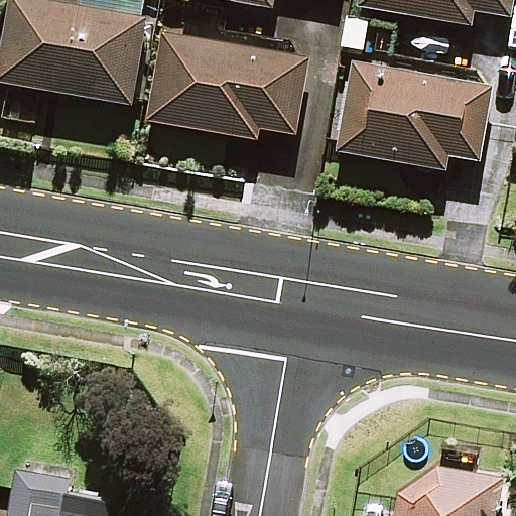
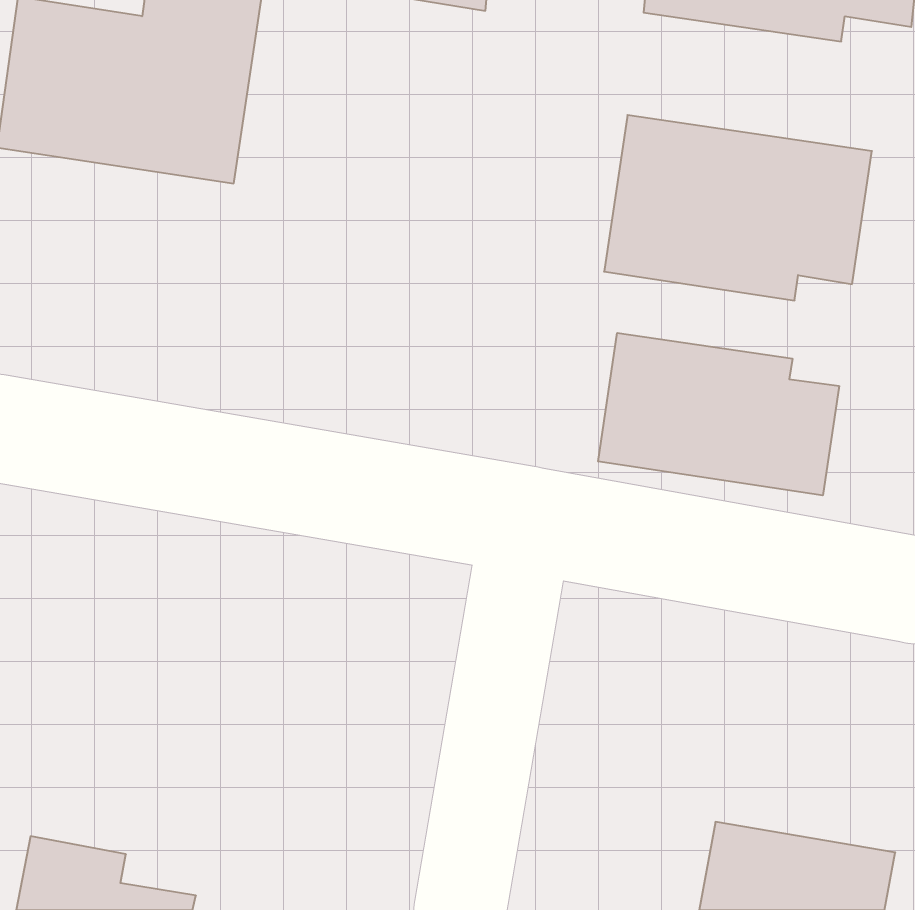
building: [148,33,307,139] -> none
building: none -> [598,333,839,495]

